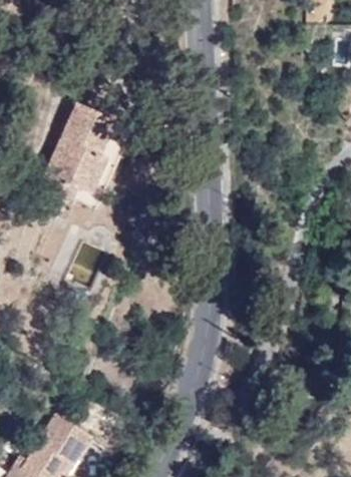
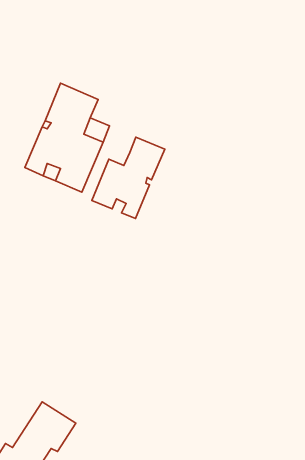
building: none -> [92,137,165,219]

